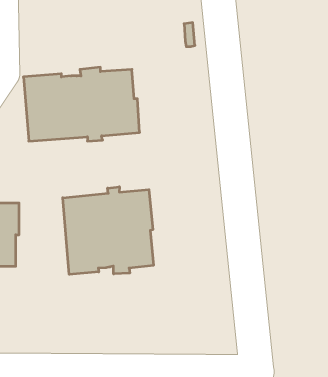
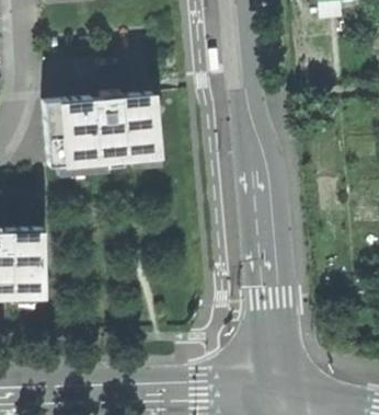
building: [63,187,153,274] -> none

